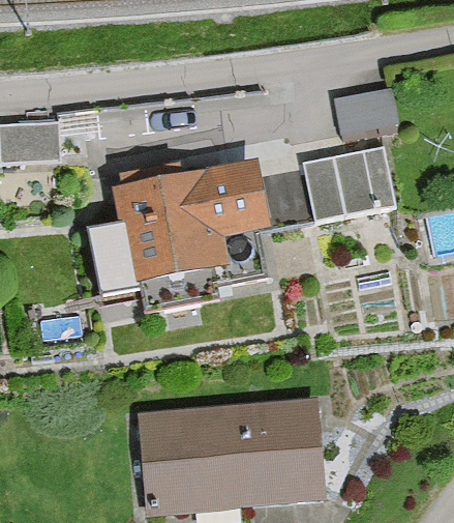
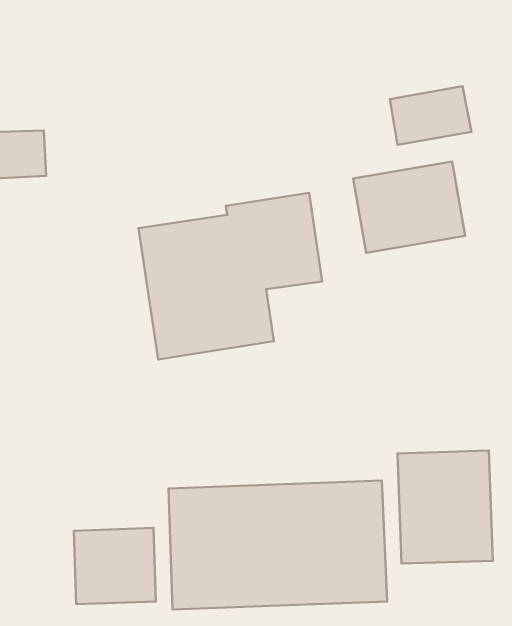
building: none -> [398,450,493,564]
building: none -> [74,528,156,604]

